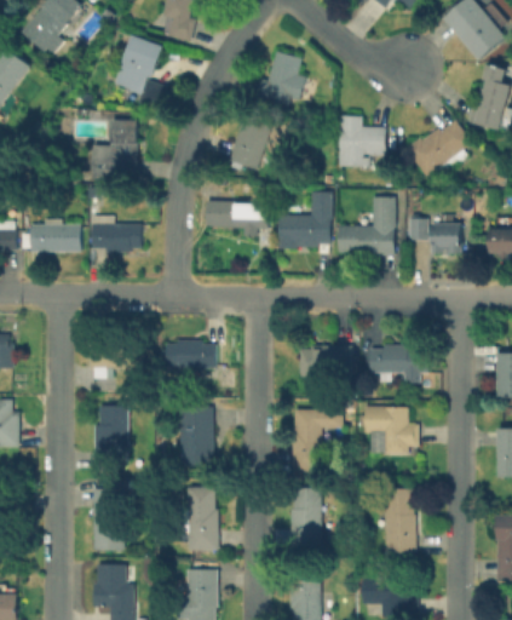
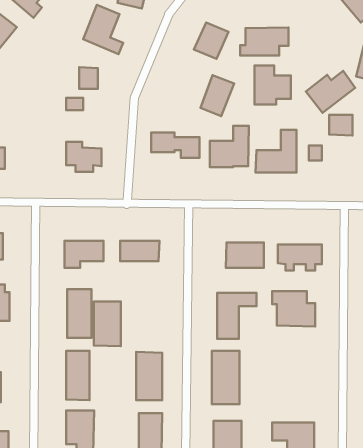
building: none -> [240,28,288,56]
building: [228,117,271,171] -> [201,75,234,116]
building: [25,222,81,252] -> none
building: [432,225,462,252] -> [329,115,353,135]
building: [178,406,213,464] -> [94,302,121,346]
building: [386,489,414,551] -> none

